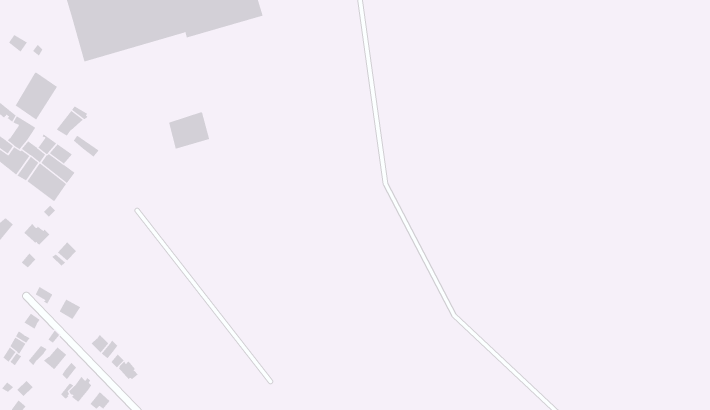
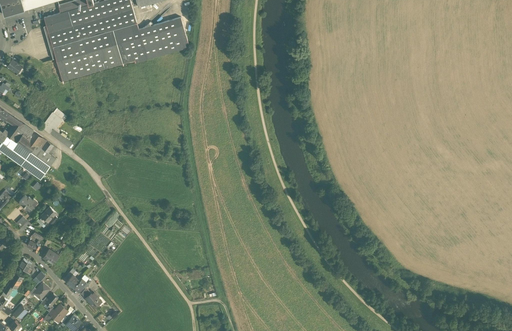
building: [15,72,58,121] -> none
building: [168,111,210,149] -> none

